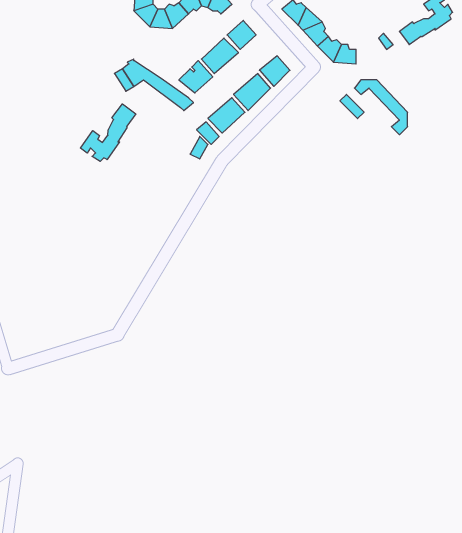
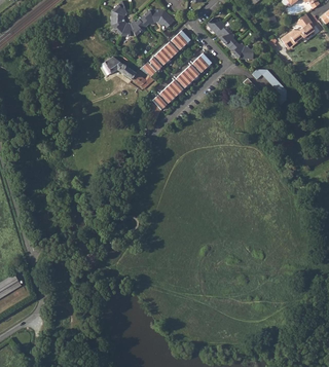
building: [80,104,136,161] -> none

